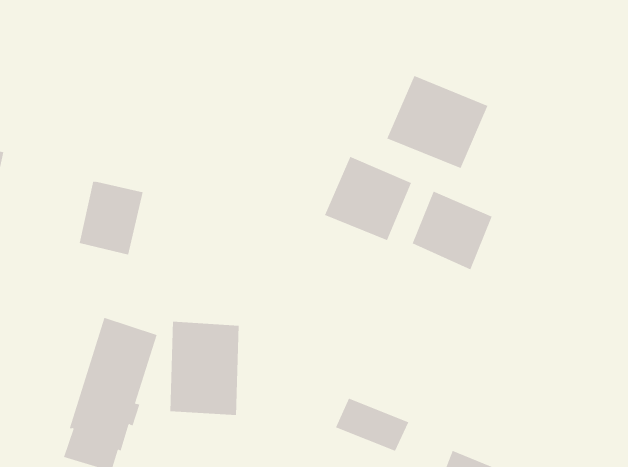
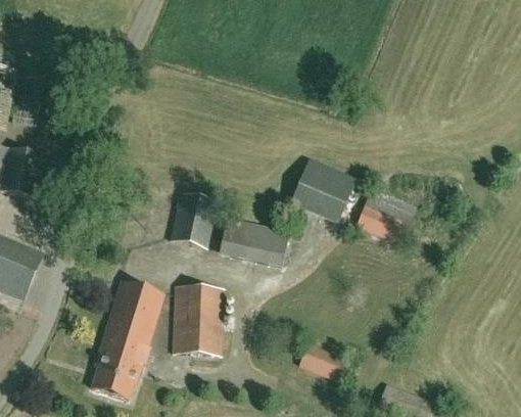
building: [387,75,488,169] -> none
building: [79,181,144,255] -> [169,192,218,248]
building: none -> [219,217,289,267]

